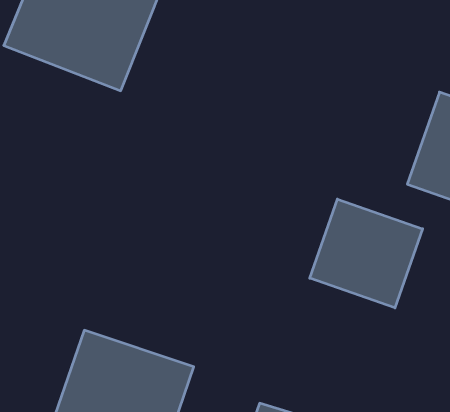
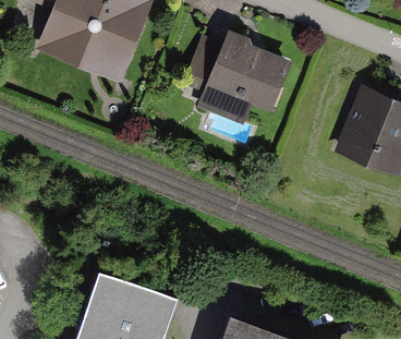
building: none -> [181,28,291,125]
building: [310,199,423,308] -> none

